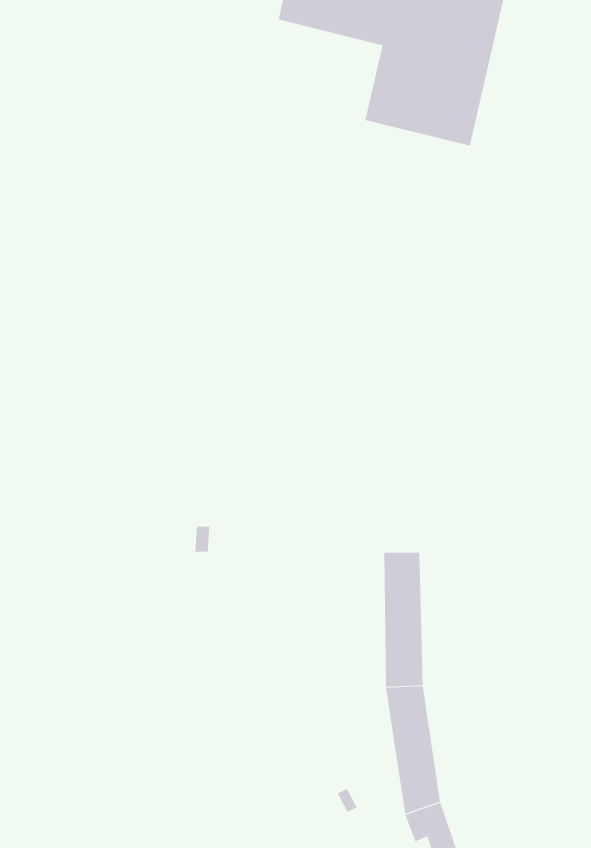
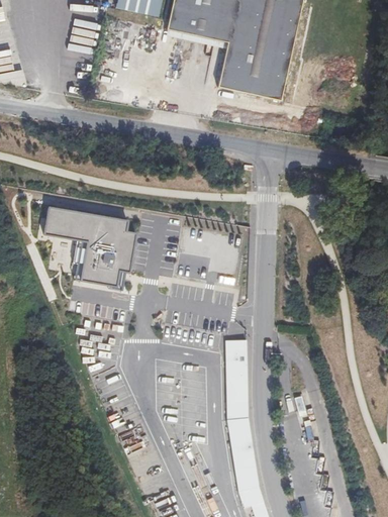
building: none -> [44,203,139,285]

